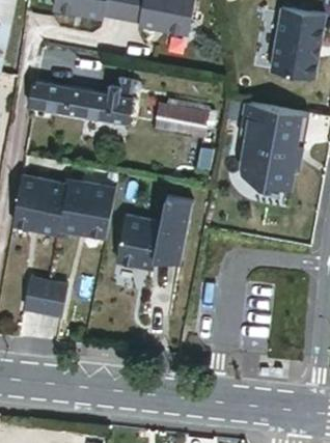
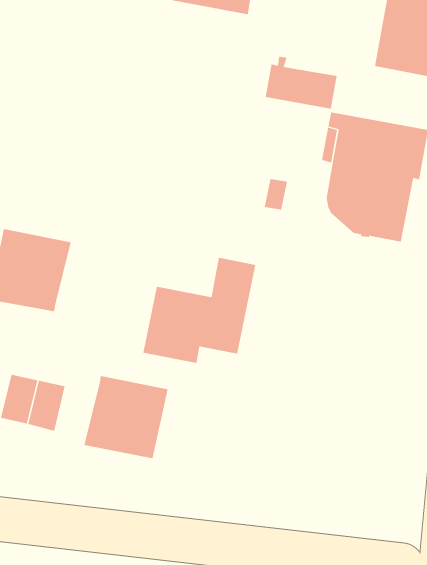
building: [31,79,135,121] -> none
building: [160,98,210,134] -> [265,56,338,109]
building: [55,185,113,242] -> [84,375,168,459]

